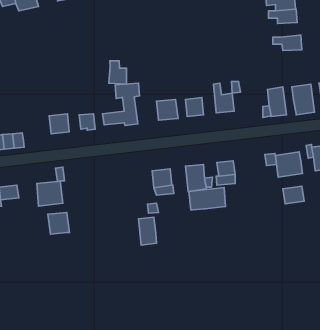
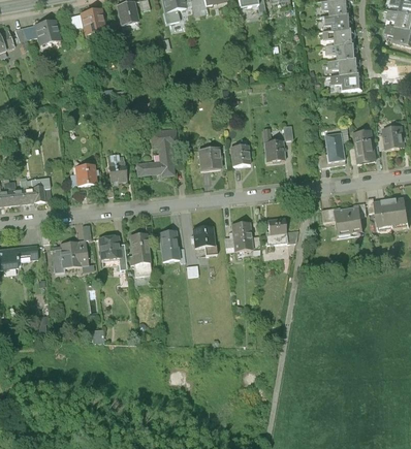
building: none -> [326,58,360,75]
building: [109,61,127,84] -> none
building: none -> [128,233,150,265]
building: [283,186,304,204] -> none
building: [189,188,225,210] -> none
building: [48,213,70,234] -> [96,235,121,260]
building: [139,217,157,245] -> [158,229,179,261]

